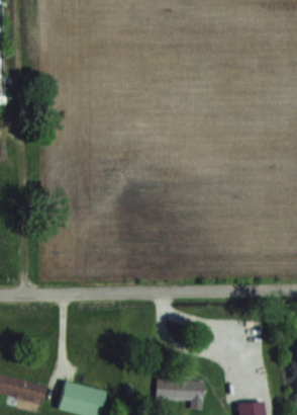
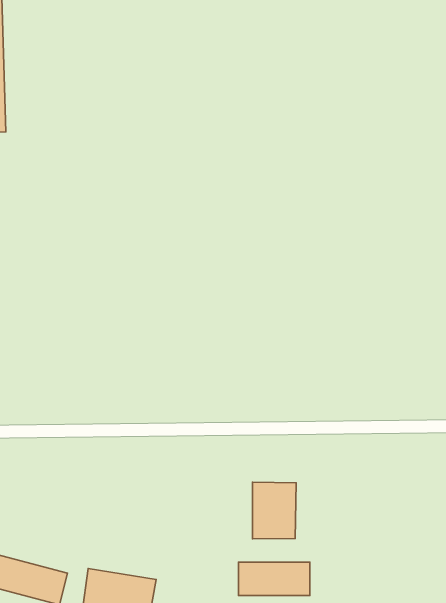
building: none -> [253,482,296,539]

